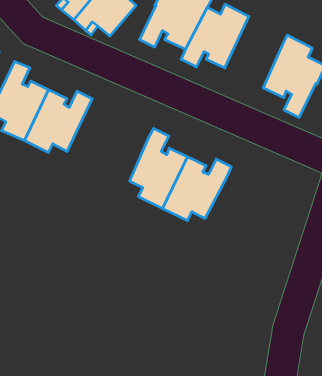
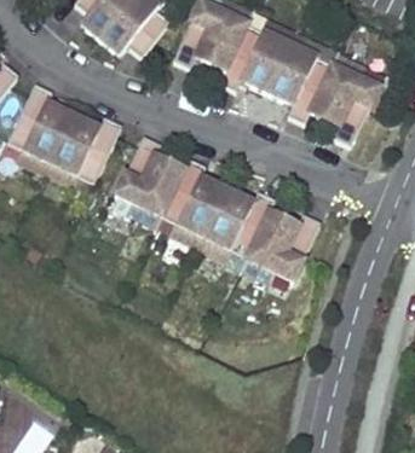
building: none -> [267,34,332,123]
building: none -> [114,135,183,225]
building: none -> [242,210,321,279]

